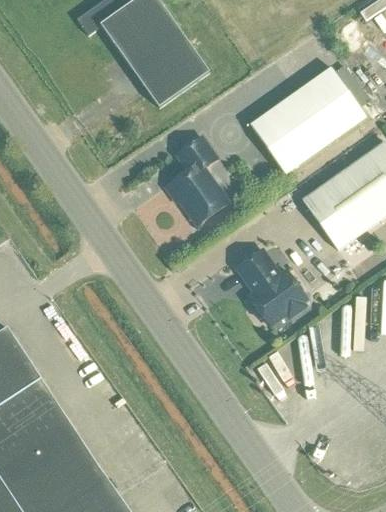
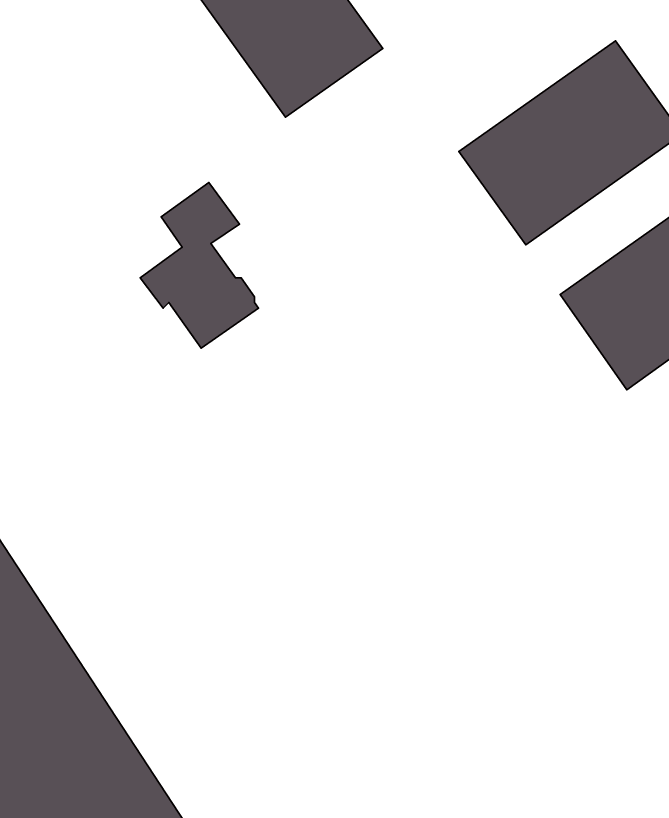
building: [166,137,228,224] -> [140,182,258,348]
building: [237,250,307,325] -> none

